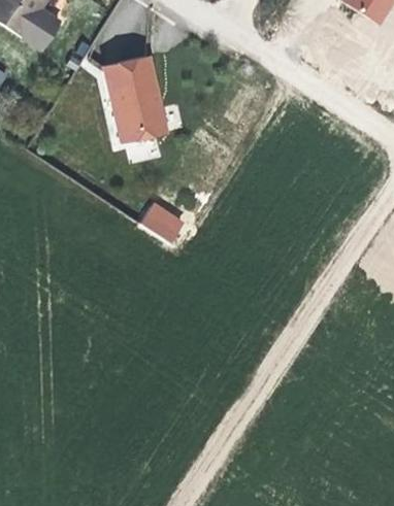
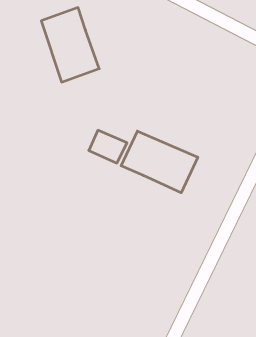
building: none -> [121,131,198,193]

